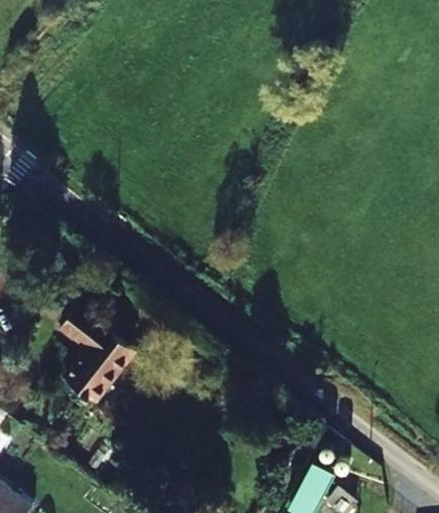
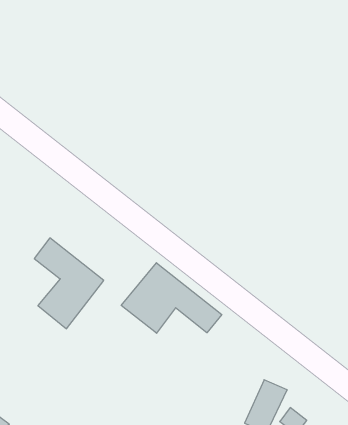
building: none -> [121,263,222,333]

